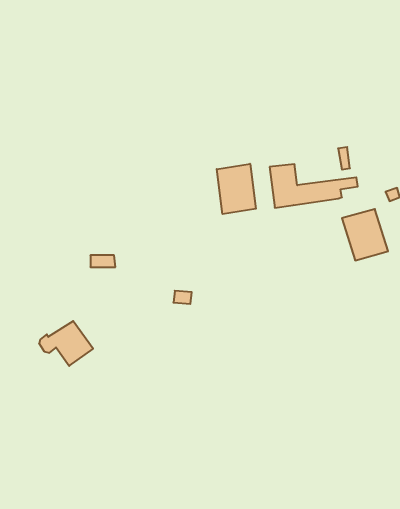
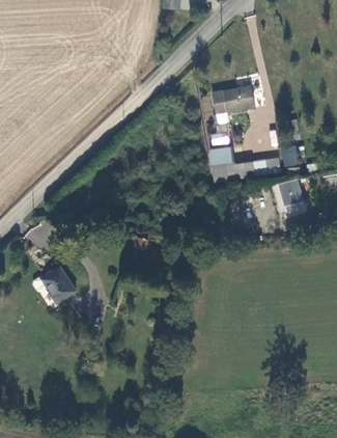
building: none -> [217,84,255,120]
building: [217,164,256,214] -> none

